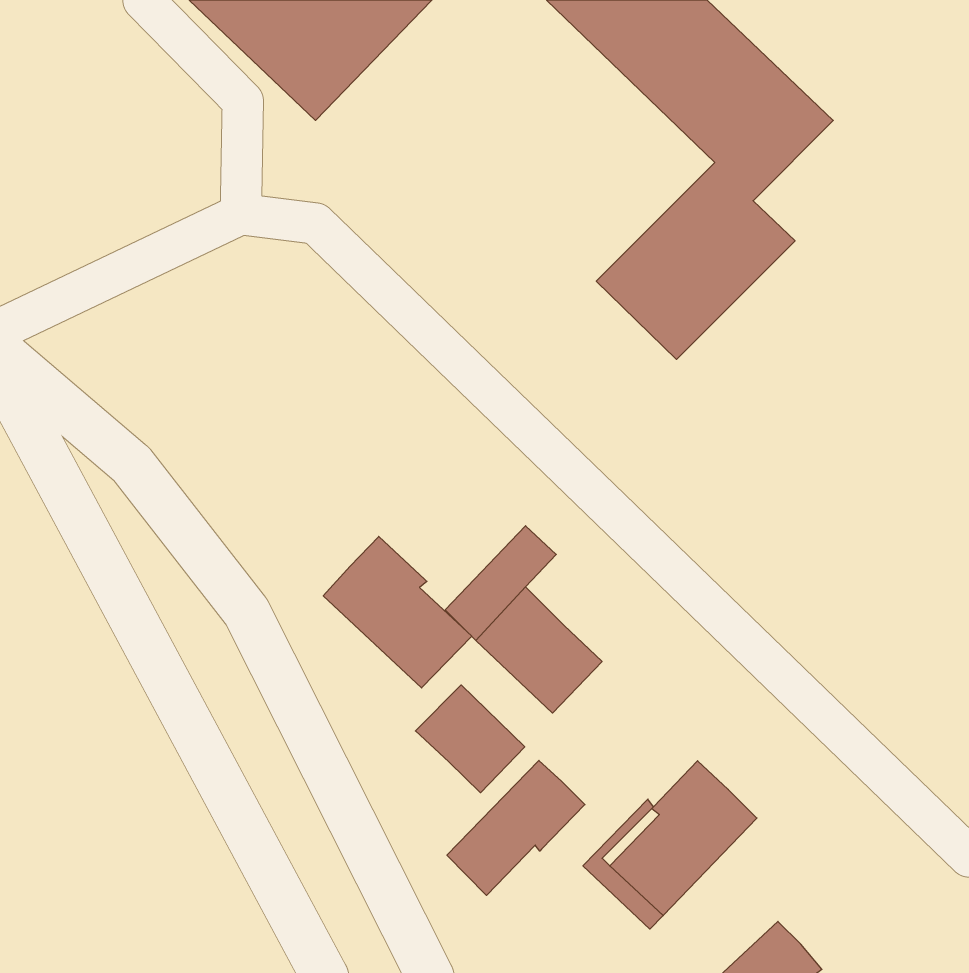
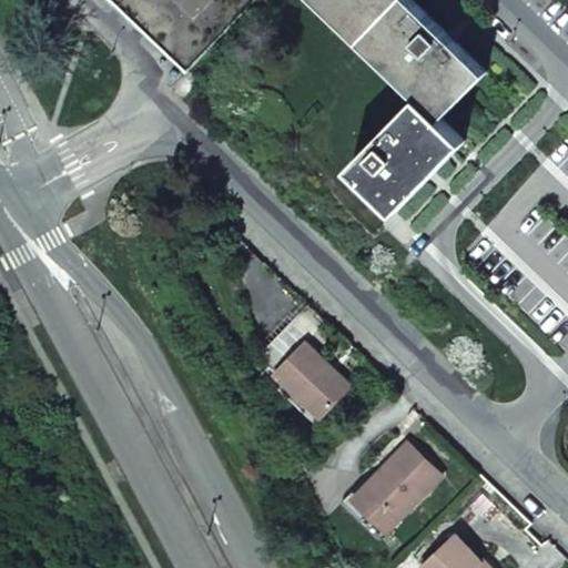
building: [323,536,472,688] -> none
building: [415,685,525,793] -> none
building: [447,760,585,895] -> none

